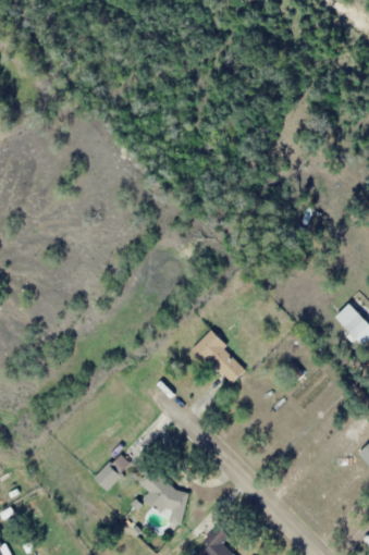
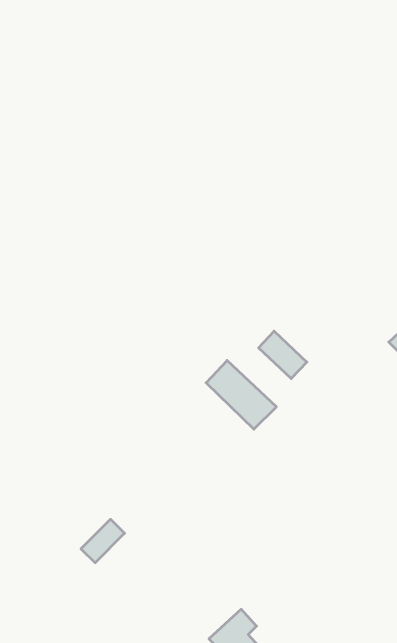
building: none -> [259,331,307,379]
building: [137,470,190,522] -> none

